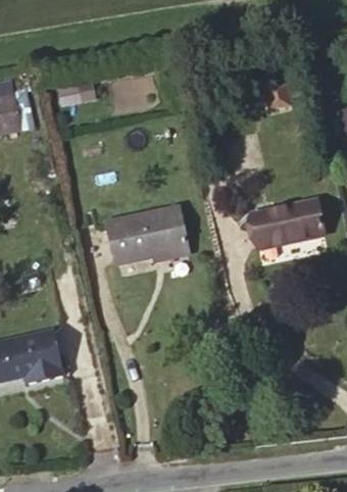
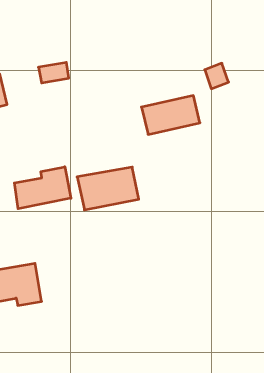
building: [249,198,321,246] -> [141,96,200,134]
building: none -> [14,167,71,209]

